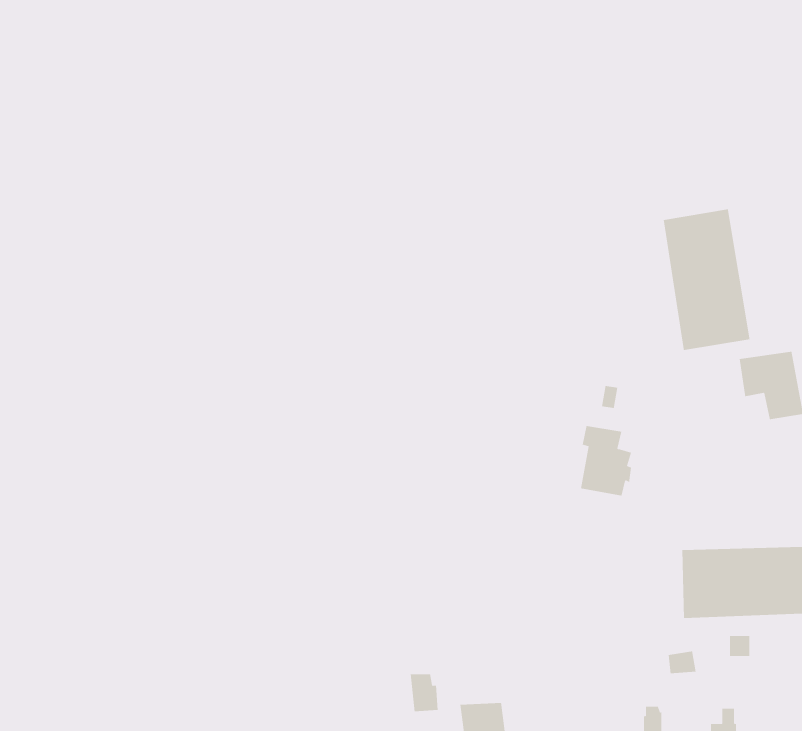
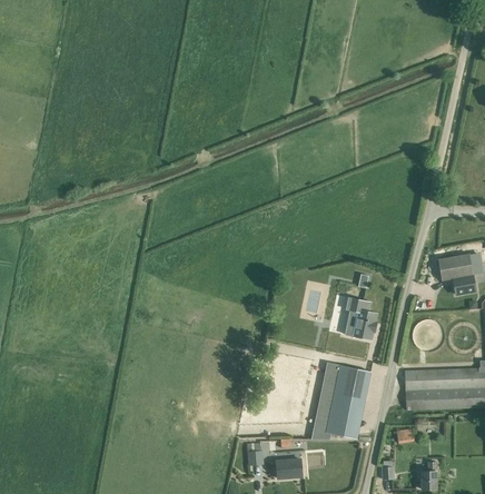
building: [663,209,750,351] -> none
building: none -> [317,364,369,438]

